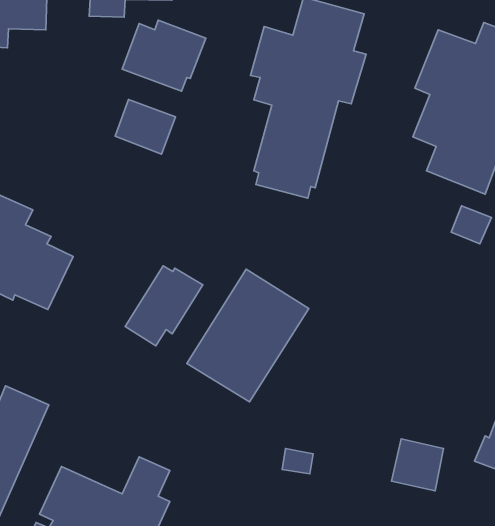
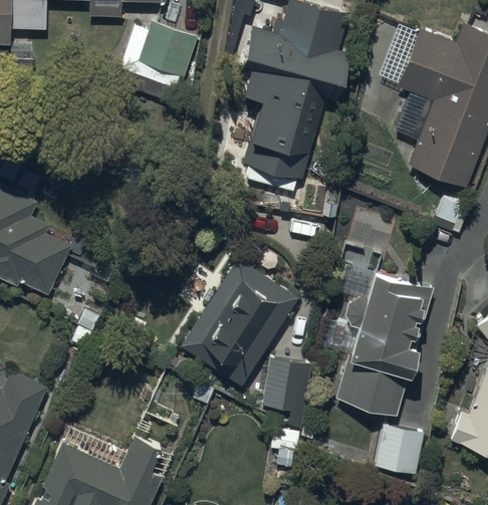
building: [115,100,175,154] -> none
building: [125,266,203,346] -> none
building: none -> [319,267,434,418]
building: none -> [261,358,309,425]

